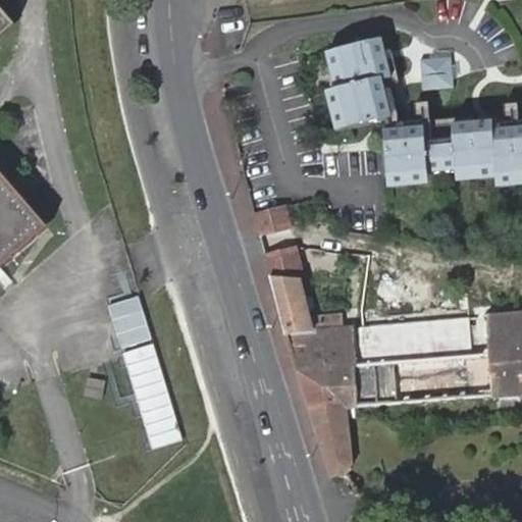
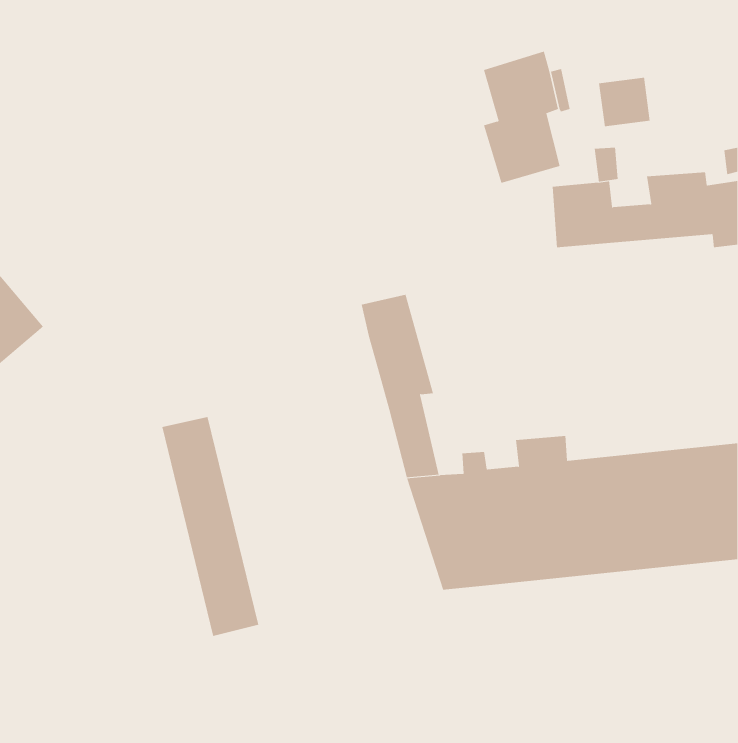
building: [310,410,352,478] -> none

